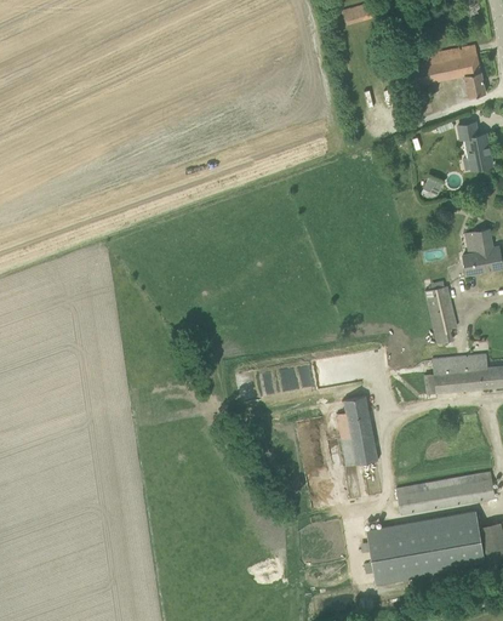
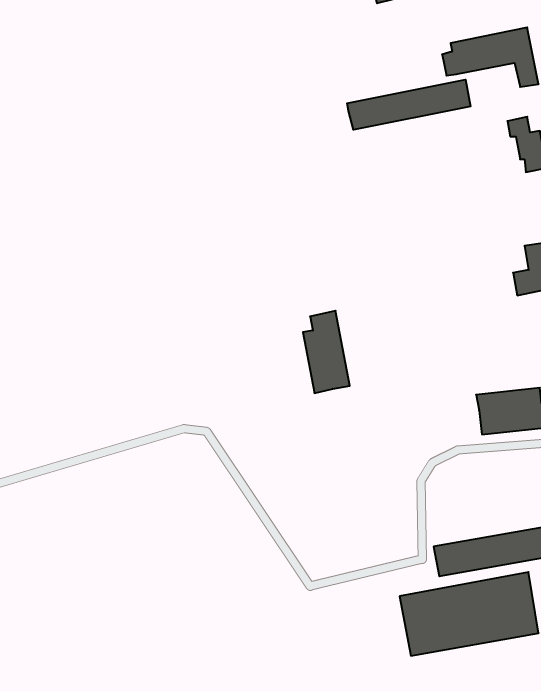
building: none -> [347,80,471,130]
building: [425,286,456,343] -> none
building: [337,395,377,466] -> [303,311,350,393]

